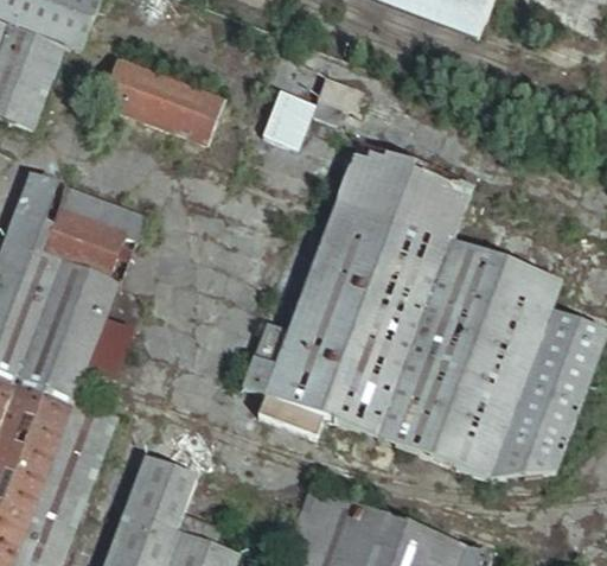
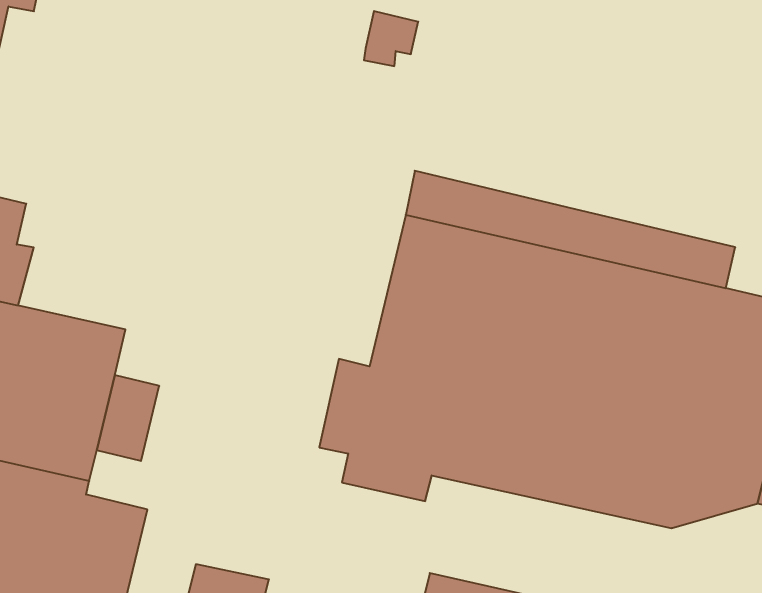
building: [101,64,218,141] -> none
building: [261,91,314,148] -> none
building: [338,146,471,241] -> none
building: [40,185,136,285] -> none

